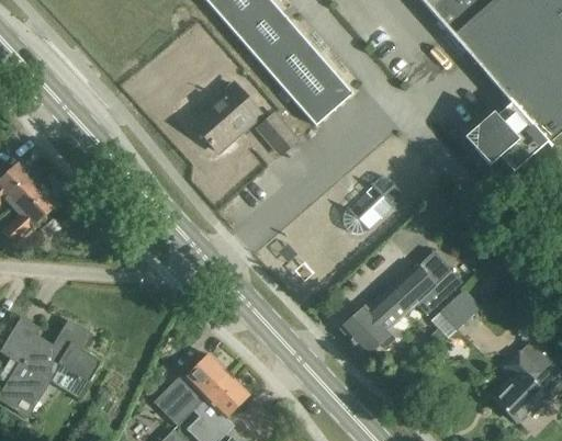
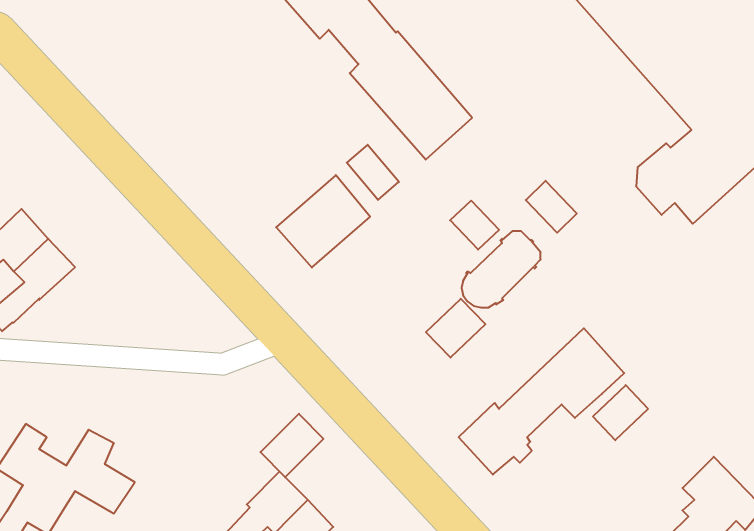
building: [191,82,260,150] -> [276,175,370,268]
building: none -> [526,181,577,233]
building: none -> [450,201,499,250]
building: none -> [426,299,485,358]
building: none -> [260,414,323,477]

